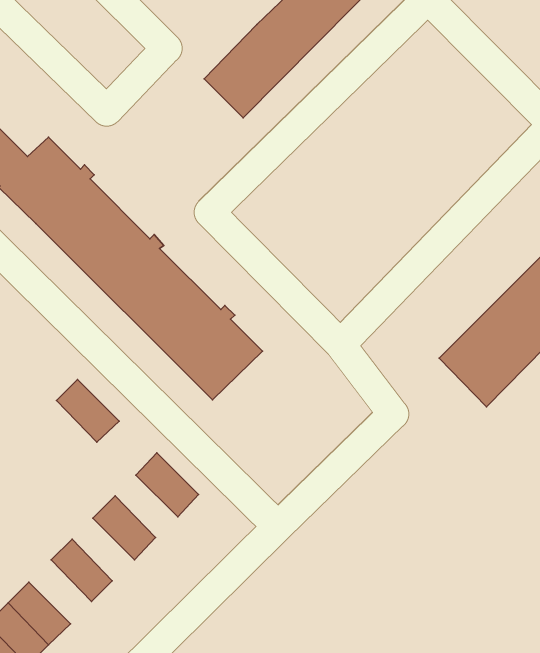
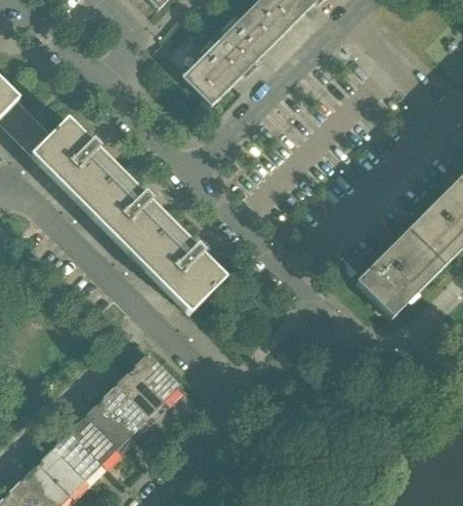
building: [57,380,119,442] -> [119,367,165,414]
building: none -> [87,399,133,445]
building: none -> [55,430,101,477]

